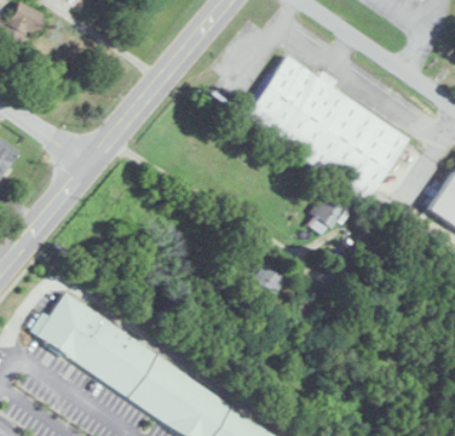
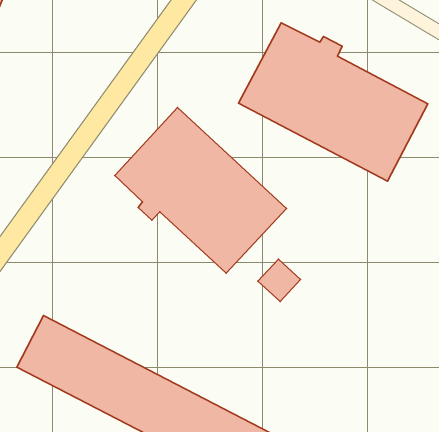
building: none -> [115,107,287,273]
building: [309,195,347,233] -> none

